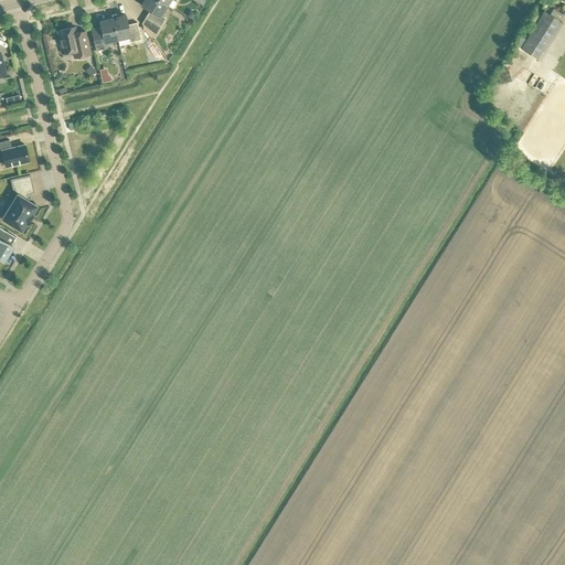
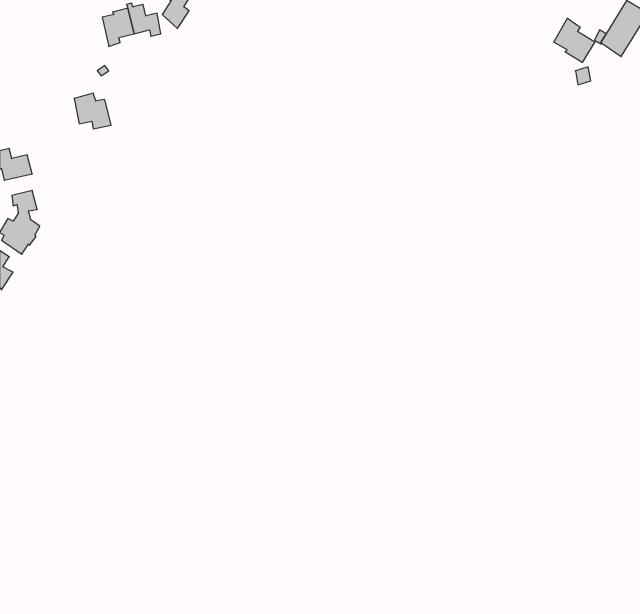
building: none -> [554,18,595,62]
building: [57,26,89,57] -> [74,93,111,129]

